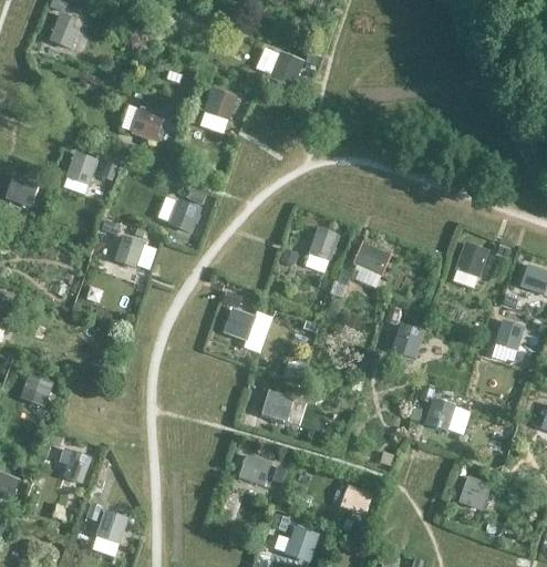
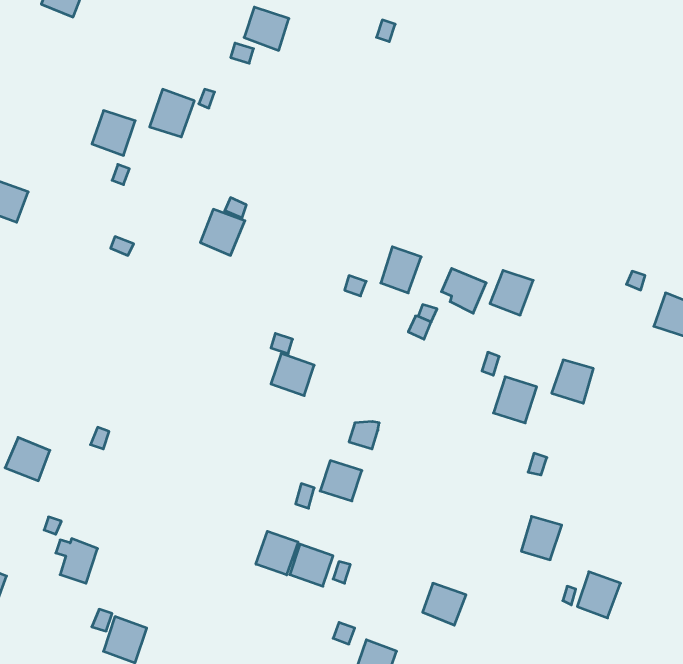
building: [270,51,303,86] -> none
building: [203,87,237,121] -> [244,7,289,50]
building: [65,152,99,186] -> [92,111,135,155]
building: [112,235,145,268] -> none
building: [455,243,488,277] -> [490,270,533,315]
building: [493,319,525,352] -> [552,360,593,403]
building: [429,400,460,433] -> [521,516,562,560]
building: none -> [256,531,298,575]

